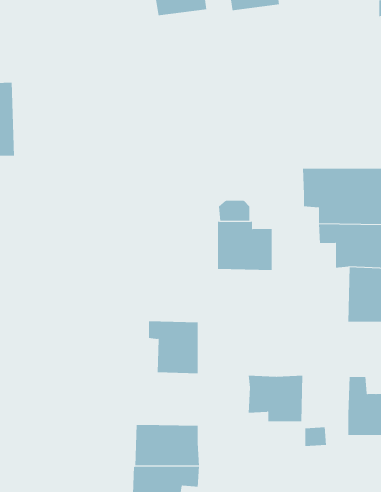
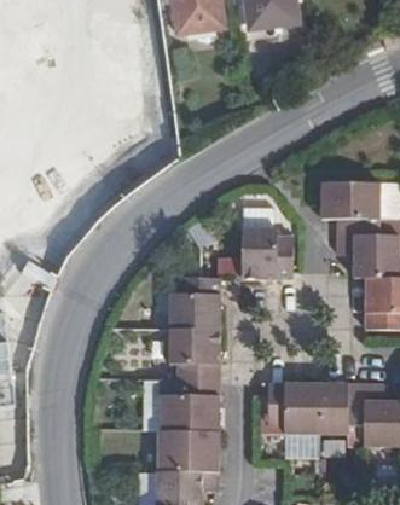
building: none -> [168,281,218,335]
building: none -> [160,383,218,436]
building: none -> [319,387,365,433]

